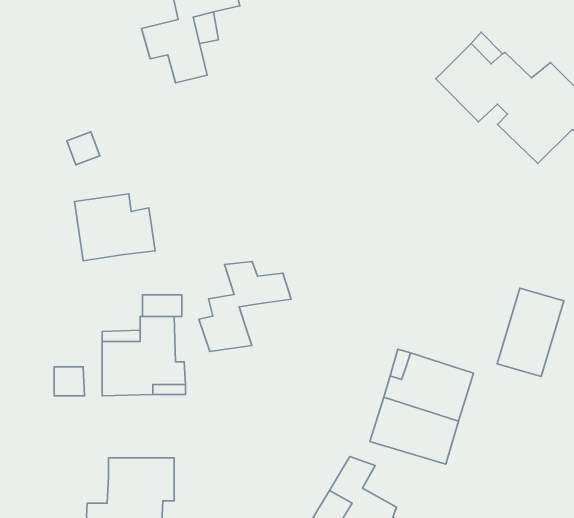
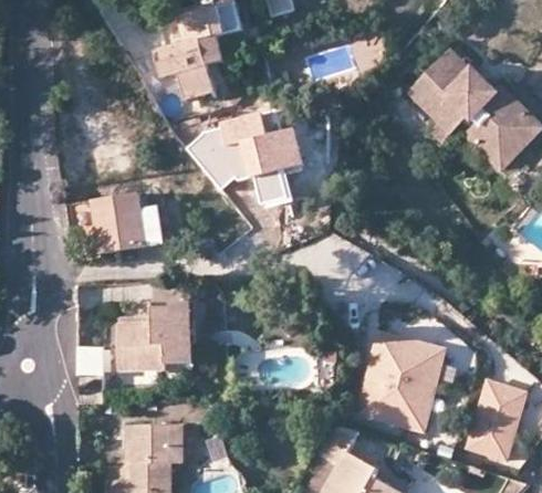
building: none -> [185,111,304,202]
building: [199,262,291,351] -> none
building: [497,288,564,376] -> [468,382,527,460]

